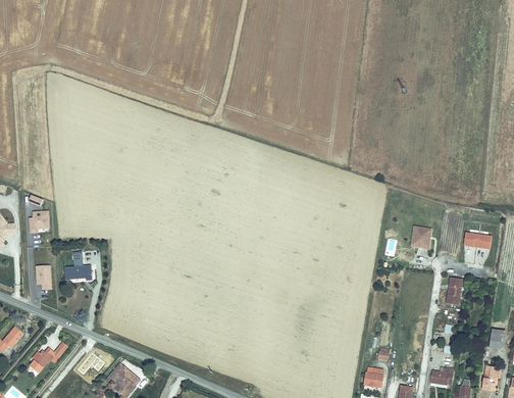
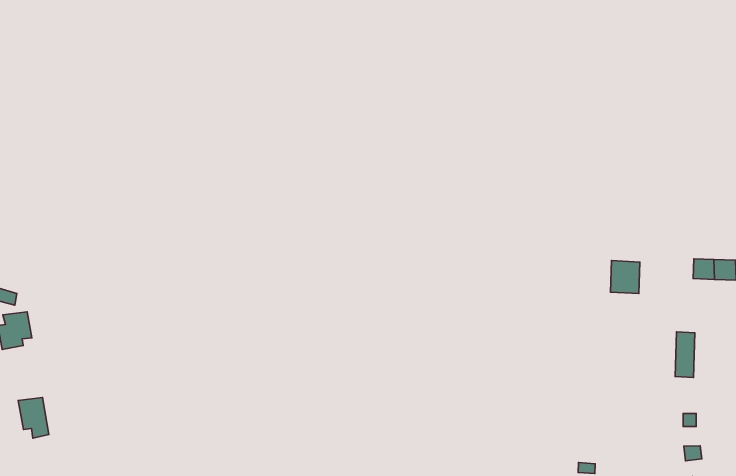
building: [66,252,95,282] -> none

